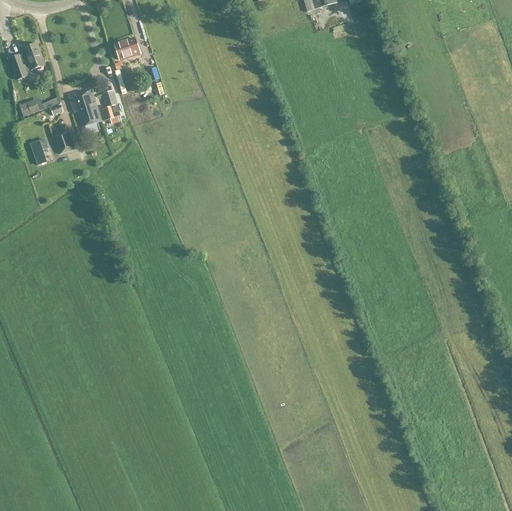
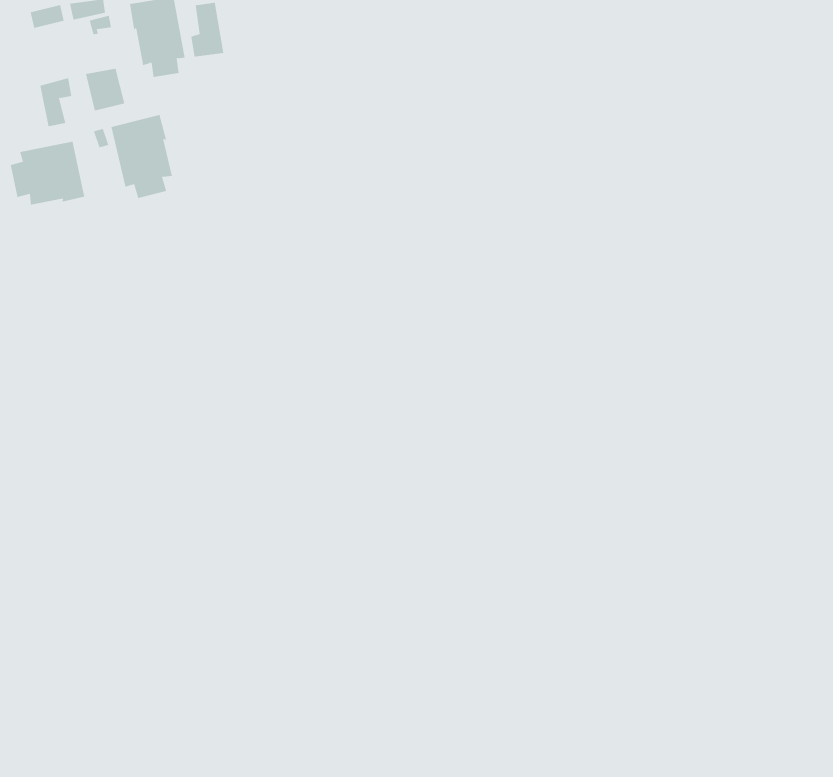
building: none -> [111,114,173,199]
building: none -> [10,141,85,206]

